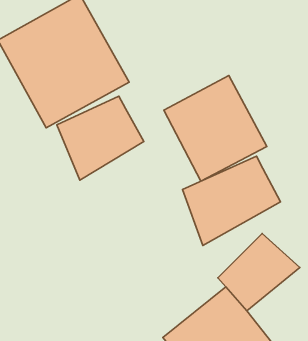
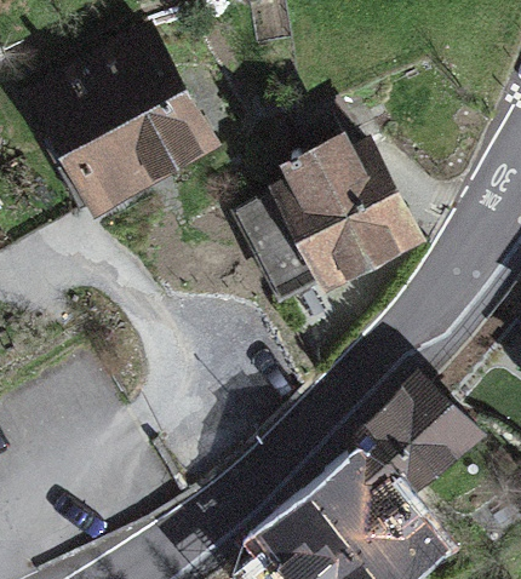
building: [57,96,144,180] -> none
building: [182,156,280,246] -> none

